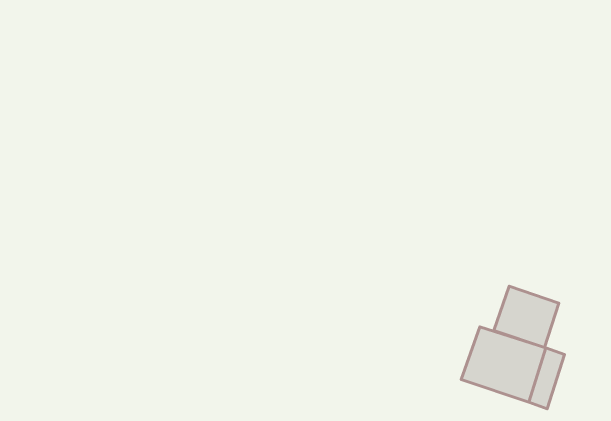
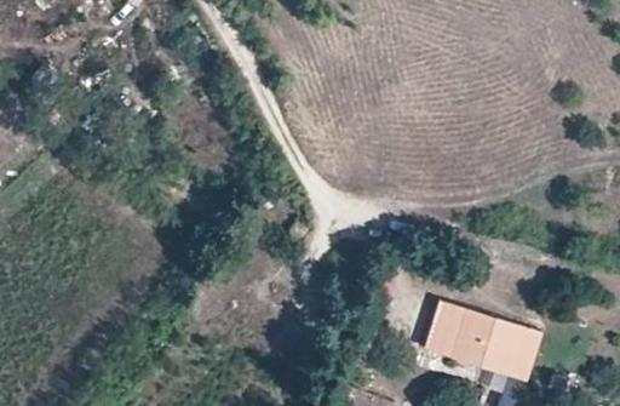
building: [494,286,559,347] -> none

